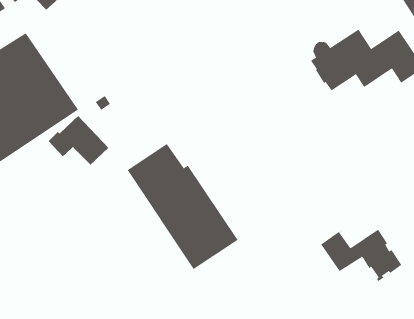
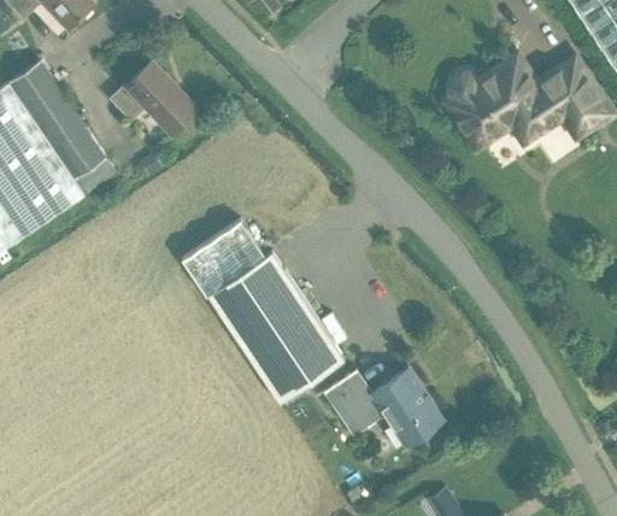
building: [48,115,109,165] -> [110,61,198,134]
building: [320,229,402,282] -> [324,369,442,445]

